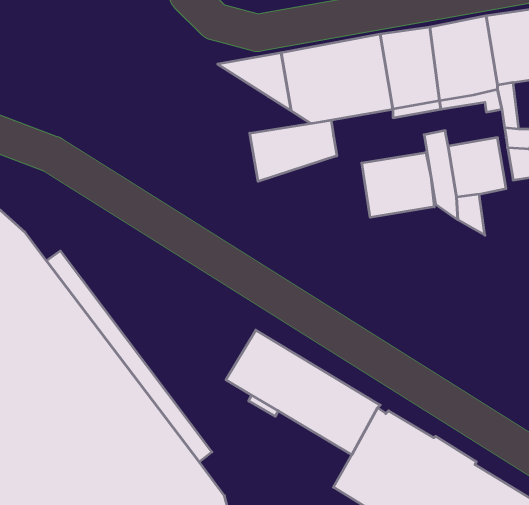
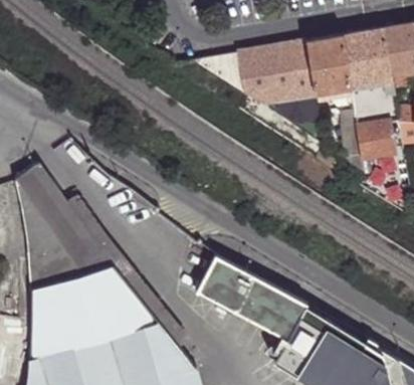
building: [250,120,337,181] -> none
building: [362,152,434,217] -> none

